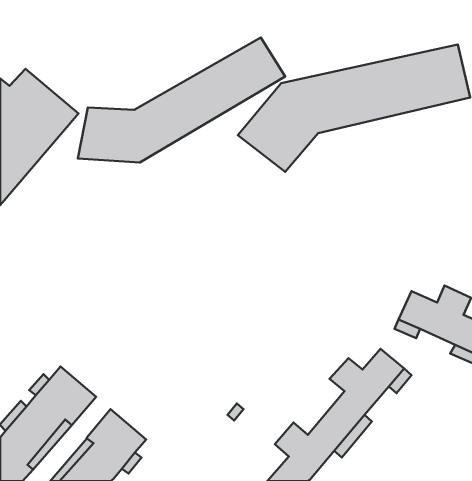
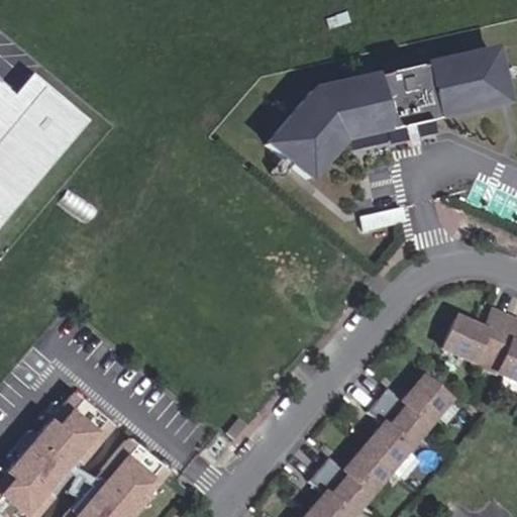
building: [78,38,285,162] -> none

